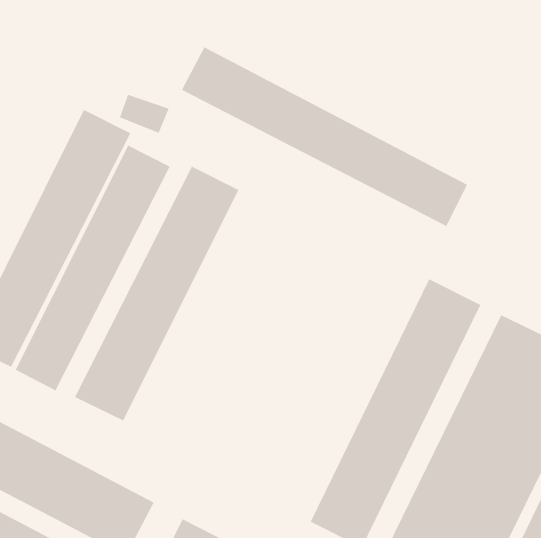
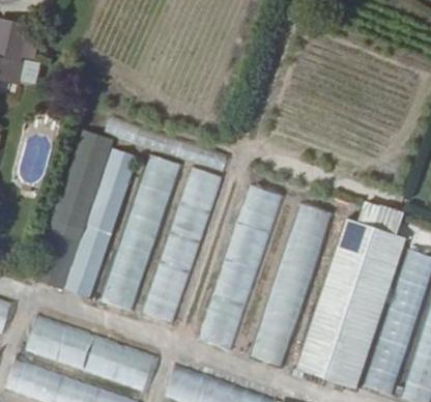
building: [181,47,468,227] -> none
building: none -> [142,166,224,323]
building: none -> [199,184,284,348]

